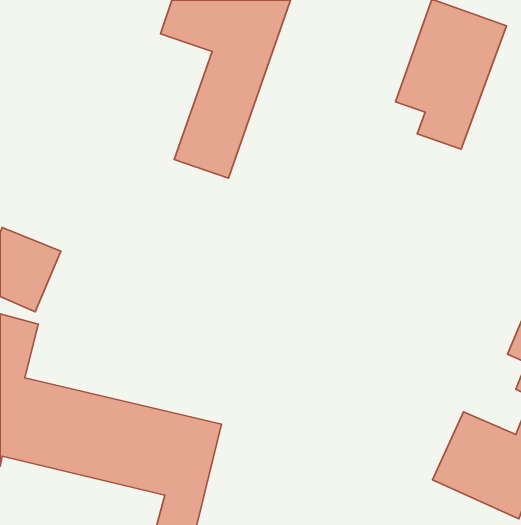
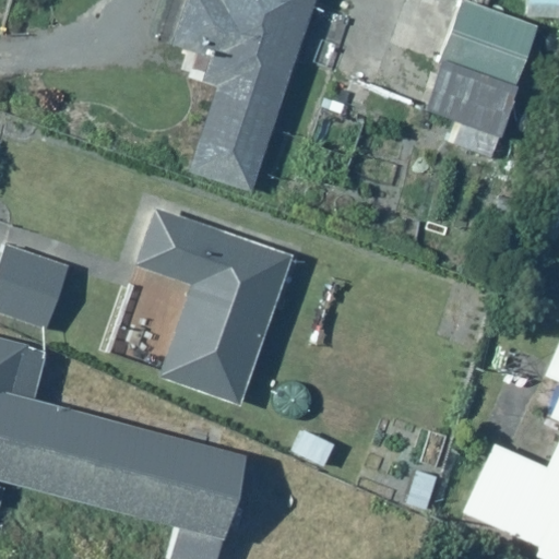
building: none -> [129,199,296,406]

